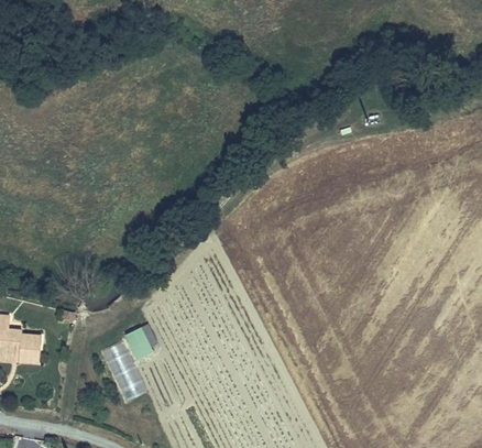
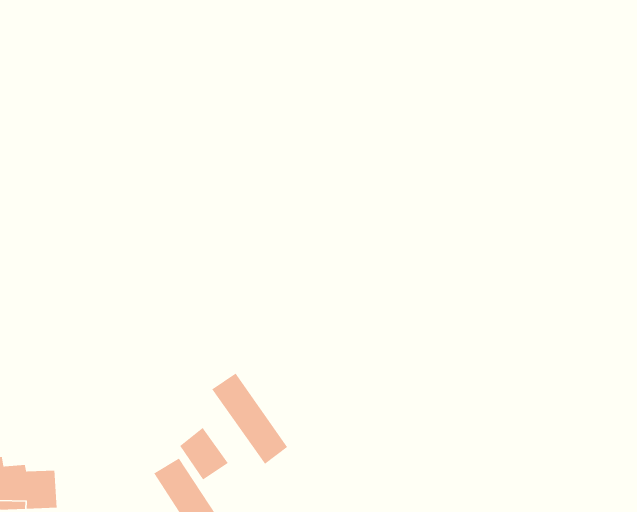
building: none -> [211,372,288,465]

